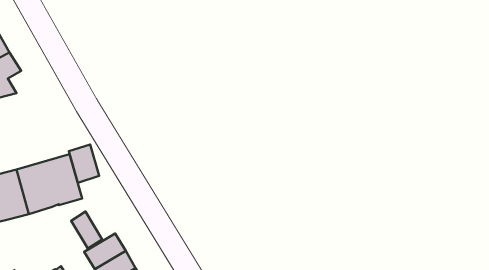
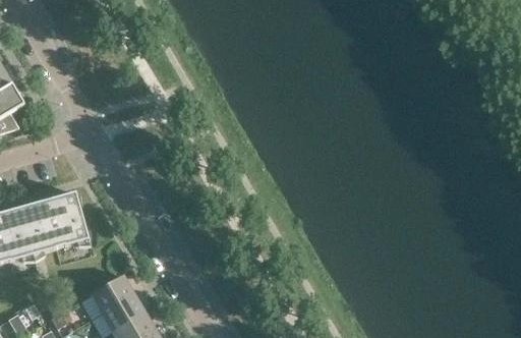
building: [69,145,99,183] -> none
building: [71,212,102,249] -> none

